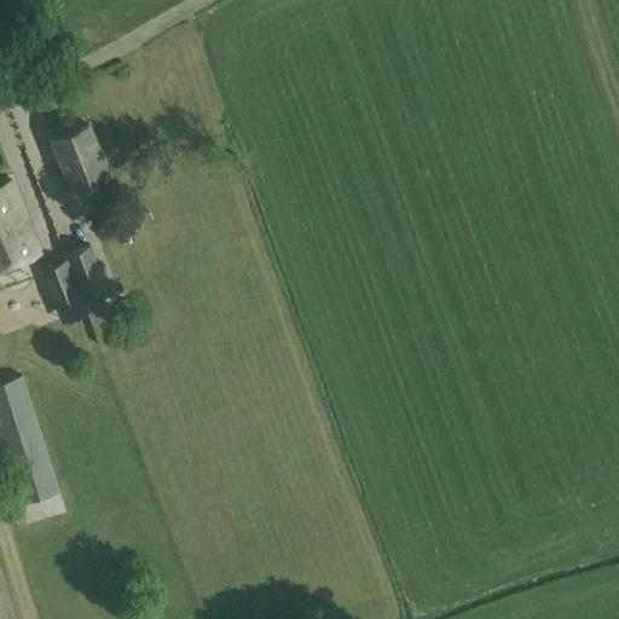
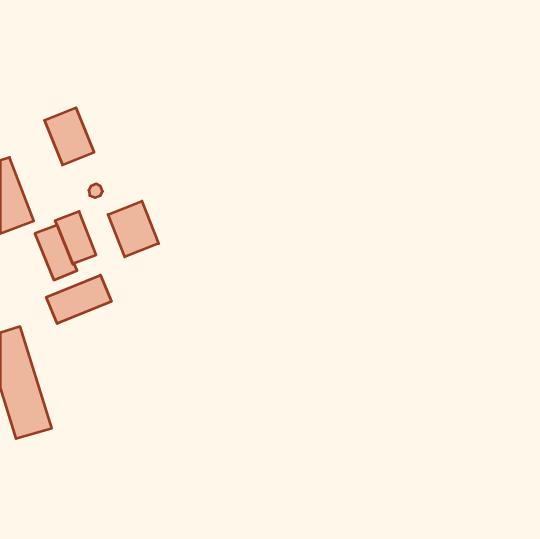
building: none -> [108,201,159,257]
building: none -> [46,275,111,324]

